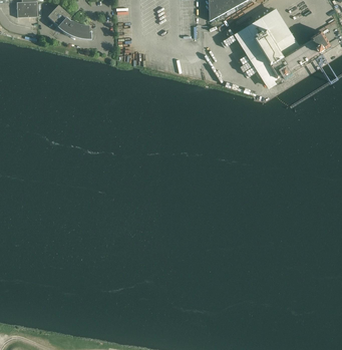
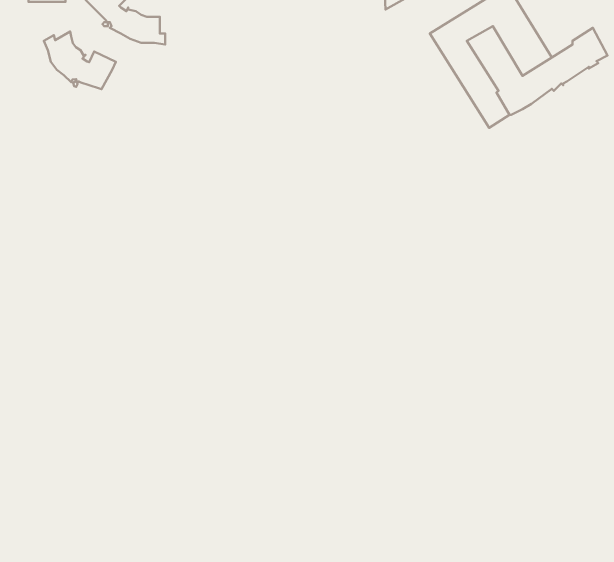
building: none -> [44,31,116,89]

